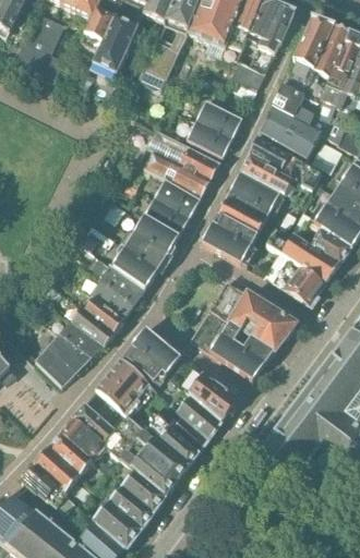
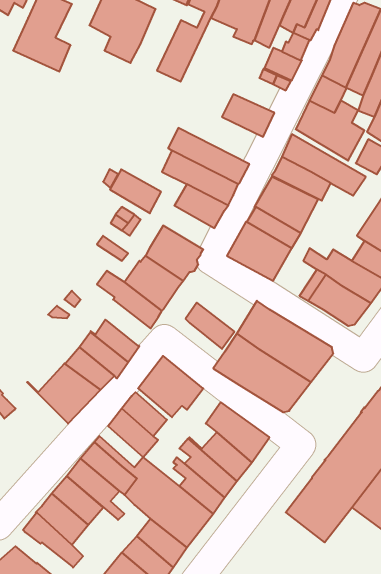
building: [187,118,232,155] -> none
building: [145,195,190,233] -> [110,169,161,213]
building: [92,277,134,317] -> [186,303,234,349]

